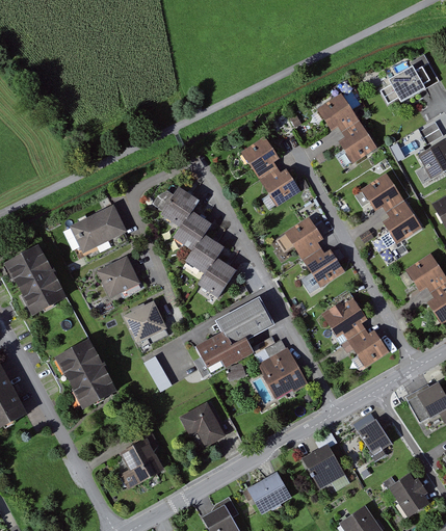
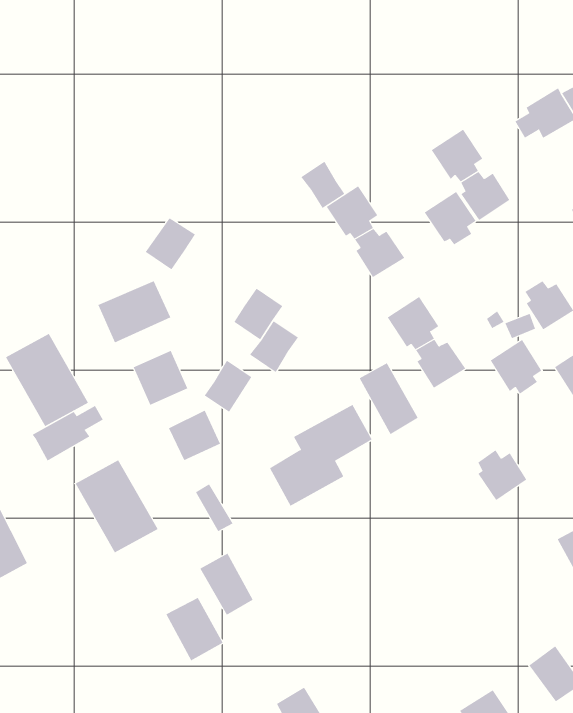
building: none -> [301,161,345,209]
building: [364,176,402,215] -> [424,191,476,245]
building: [160,187,198,225] -> [145,218,196,270]
building: [196,259,232,297] -> [204,360,252,413]
building: none -> [32,405,104,461]
building: [330,299,368,340] -> [490,339,542,395]
building: [260,343,304,396] -> [359,362,418,435]
building: [186,403,226,449] -> [199,553,253,615]
building: [357,417,392,453] -> none
building: [303,444,344,487] -> none
building: [250,472,291,511] -> none

